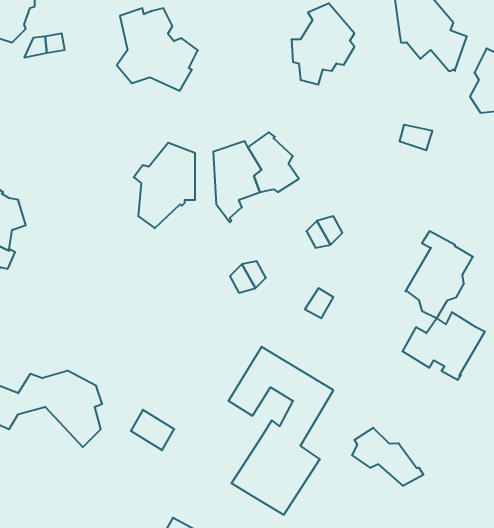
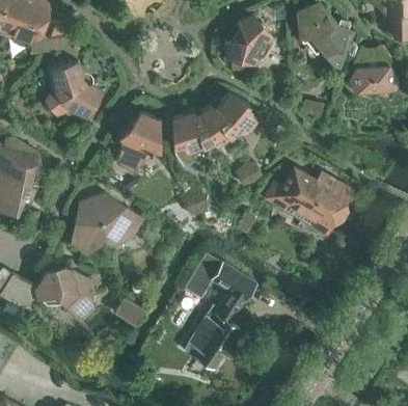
building: [117,8,198,91] -> [46,61,102,118]
building: none -> [214,92,256,136]
building: none -> [71,192,144,253]
building: [402,312,485,380] -> [266,170,323,217]
building: [352,428,423,486] -> none

